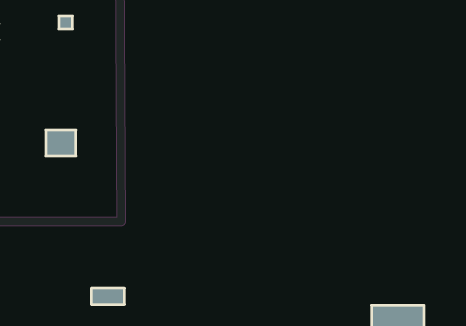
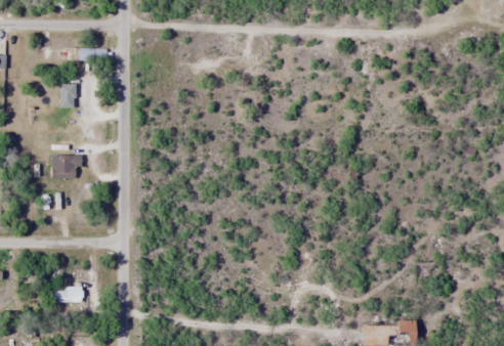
building: none -> [58,83,75,107]
building: [91,288,125,304] -> [51,287,83,302]

